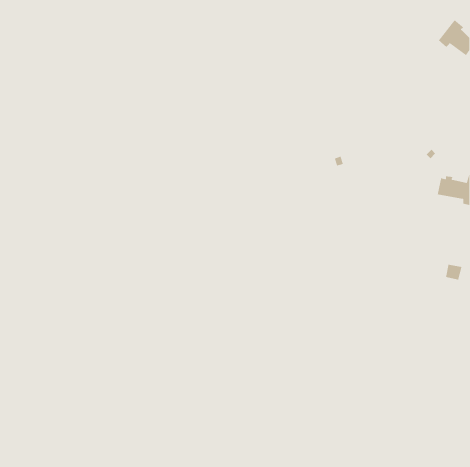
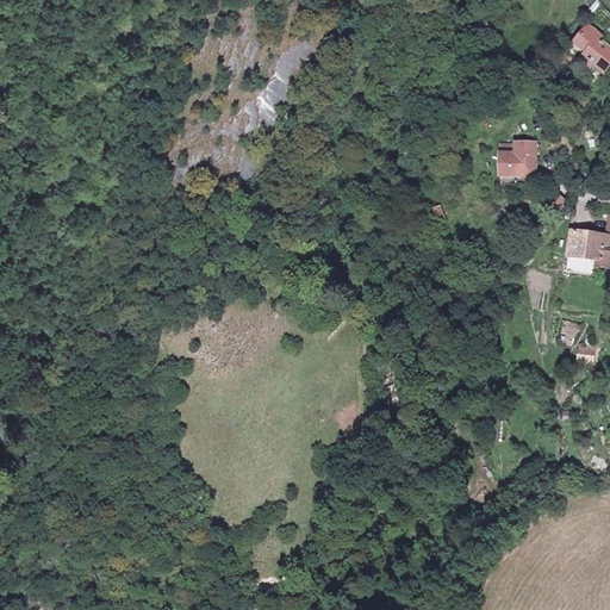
building: none -> [498,138,536,172]

